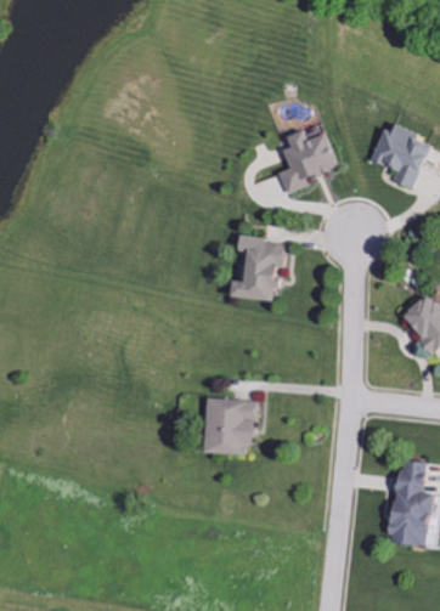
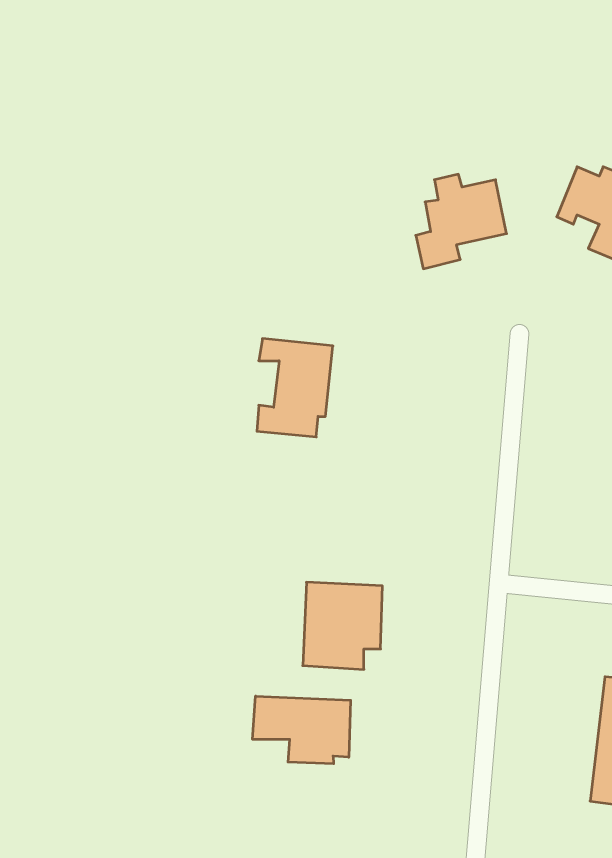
building: [235,237,284,301] -> [257,339,333,437]
building: none -> [253,696,351,764]

